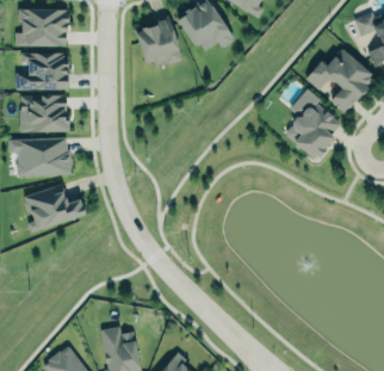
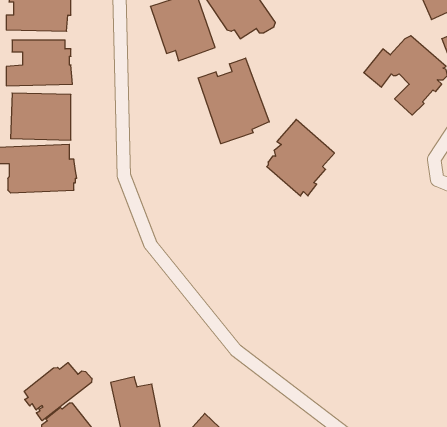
building: none -> [198,58,269,144]
building: [286,97,341,159] -> [267,119,334,196]
building: [24,184,86,234] -> none
building: none -> [24,363,92,421]

